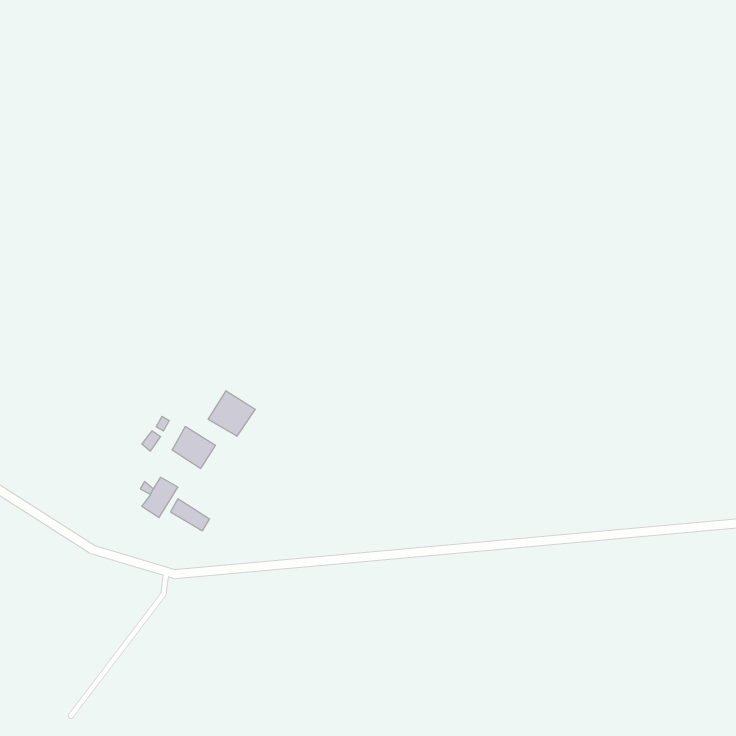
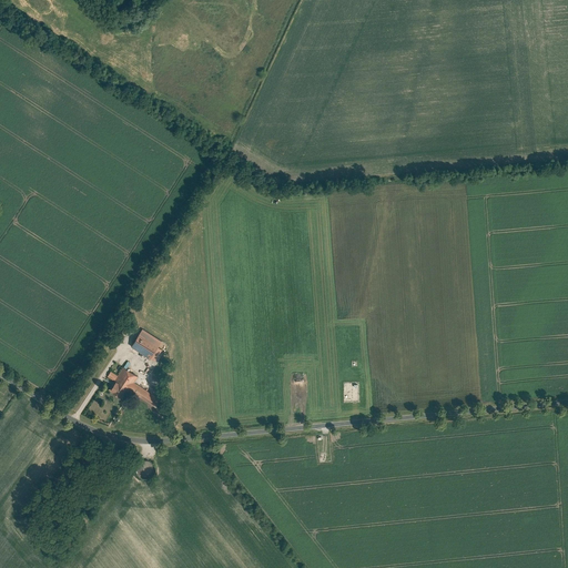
building: [208,391,255,436] -> none

